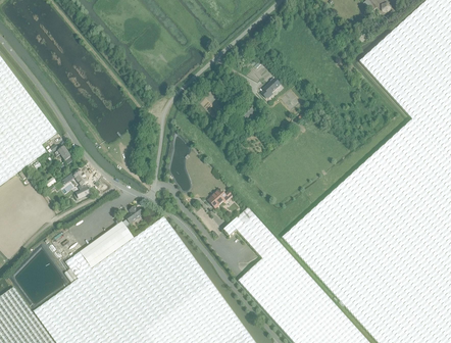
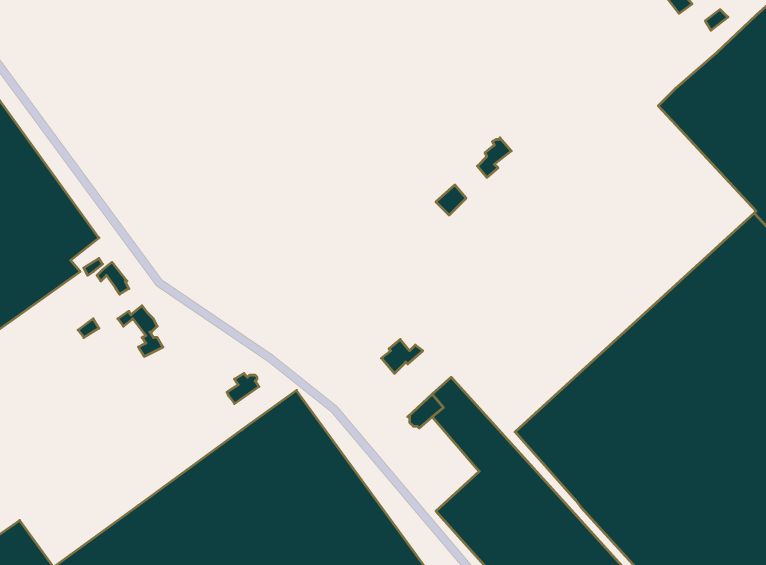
building: [65,219,134,279] -> none

